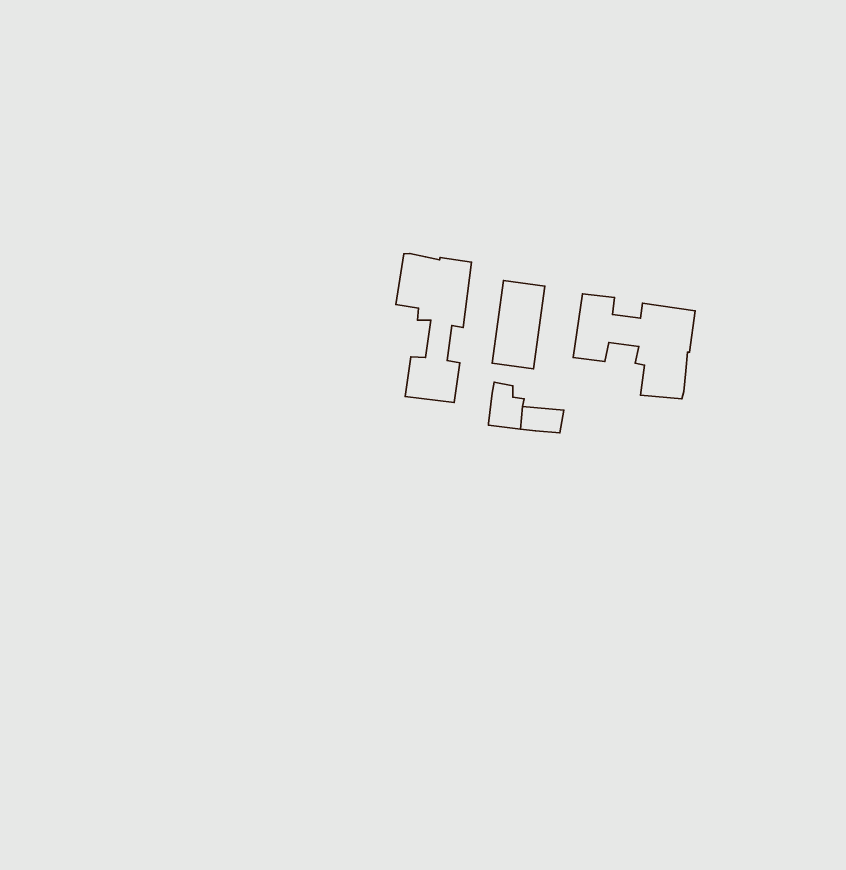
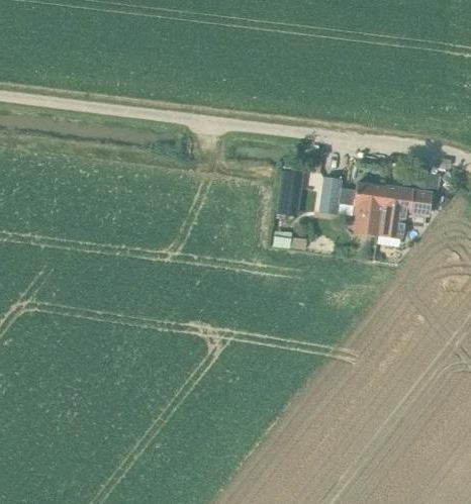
building: [396,254,472,402] -> none
building: none -> [378,186,432,236]

